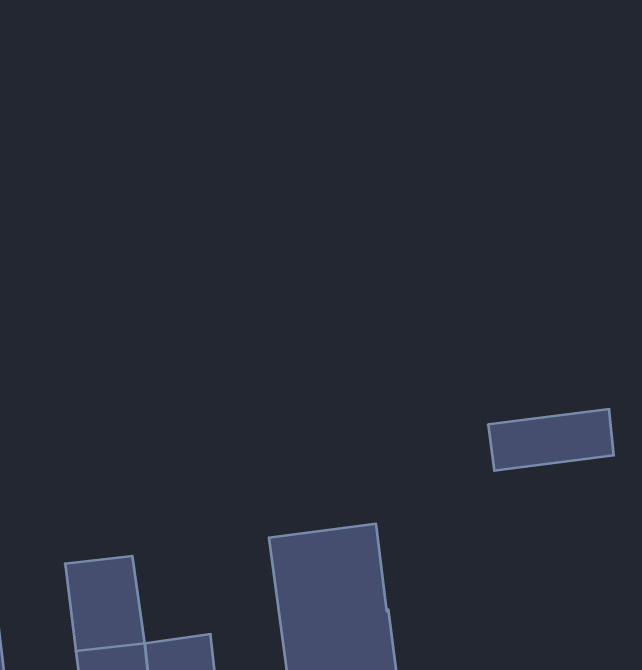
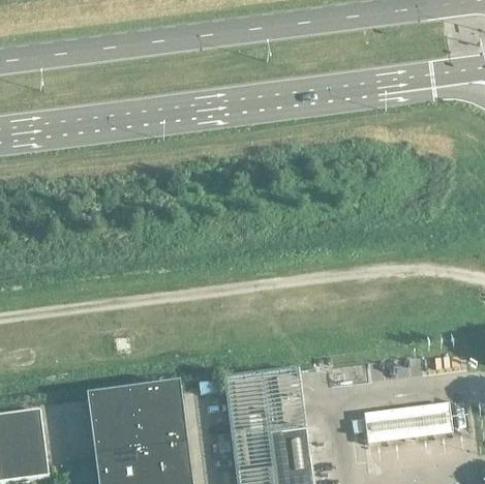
building: [488,409,614,471] -> [366,404,451,446]
building: none -> [133,385,186,450]

